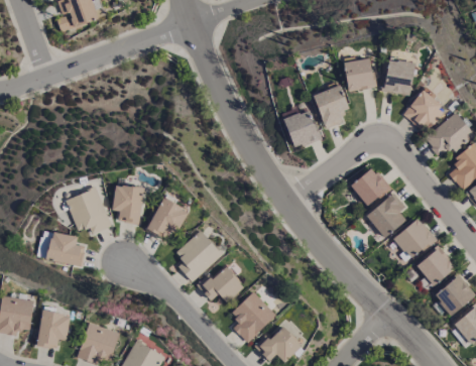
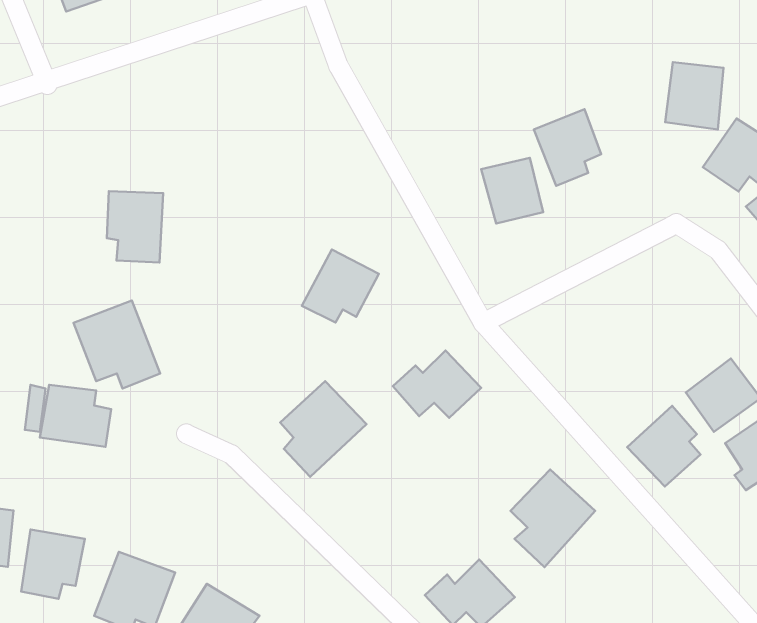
building: [343,57,375,91] -> none
building: [350,166,388,205] -> none
building: [113,185,143,223] -> [107,191,163,263]
building: [366,194,405,237] -> [627,406,700,487]
building: [147,198,189,237] -> [302,249,379,323]
building: [197,265,244,301] -> [393,350,481,418]
building: [231,290,276,343] -> [511,469,595,567]

